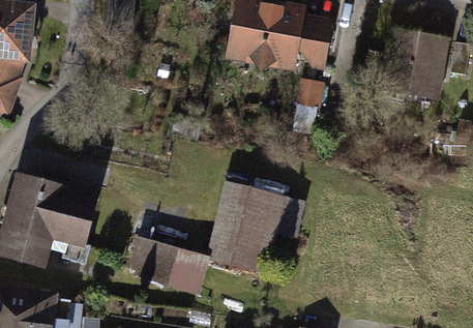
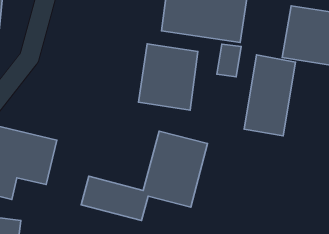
building: none -> [138,44,198,110]
building: none -> [244,55,295,136]

